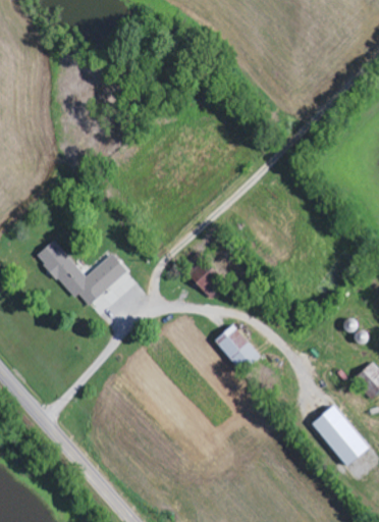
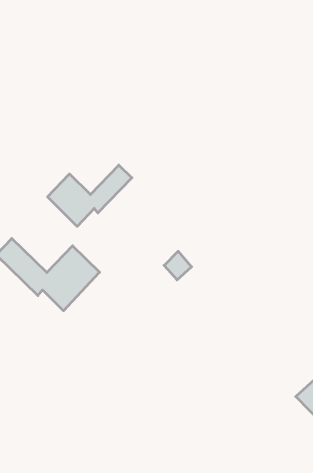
building: none -> [48,165,132,226]
building: [214,323,260,369] -> none

